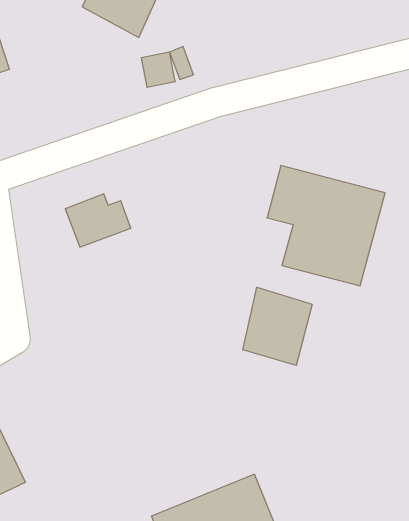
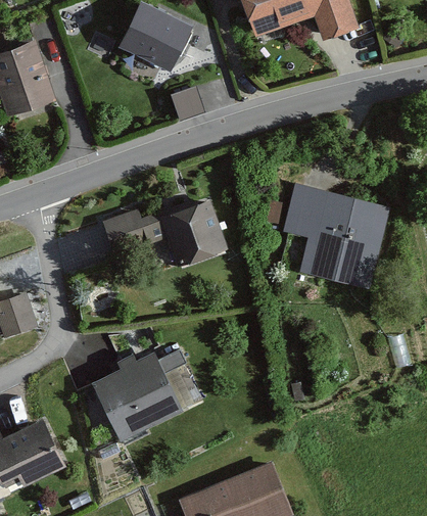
building: none -> [154,196,228,271]
building: [243,287,312,365] -> none
building: none -> [90,351,191,443]

